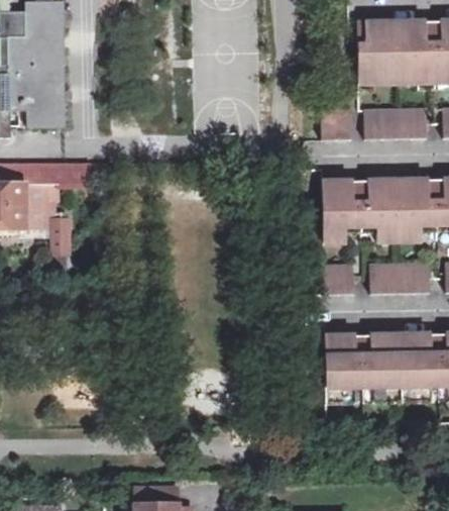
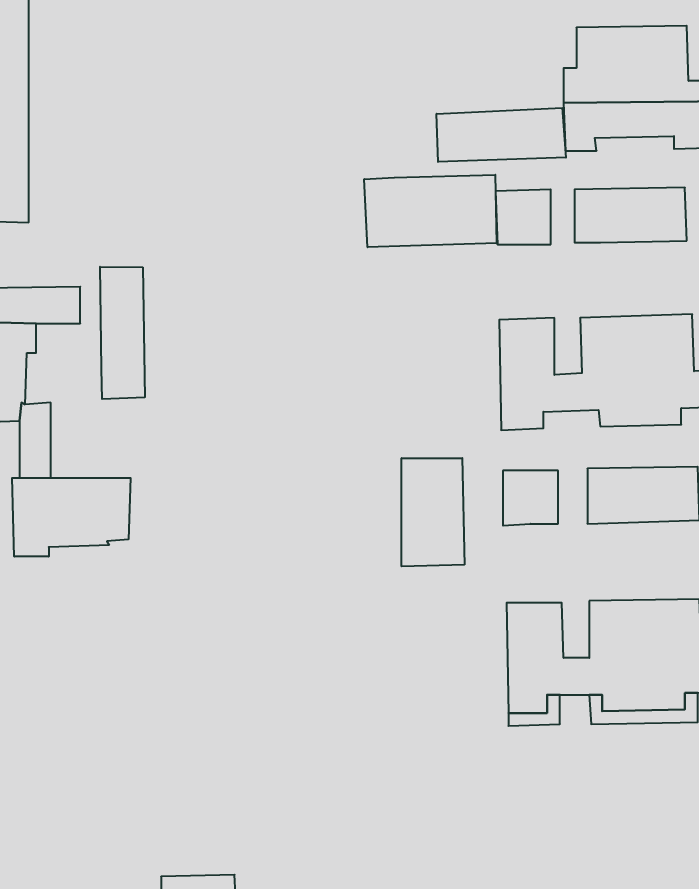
building: none -> [437,108,566,162]
building: none -> [364,175,496,247]
building: none -> [100,267,145,399]
building: none -> [402,458,464,566]
building: none -> [12,478,131,557]

